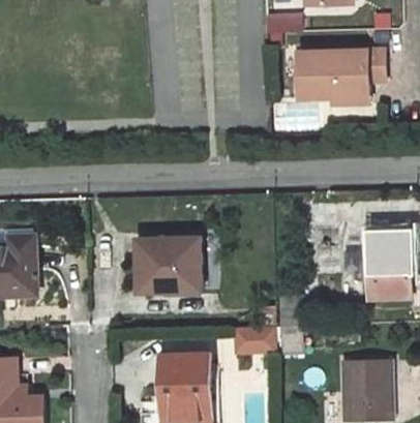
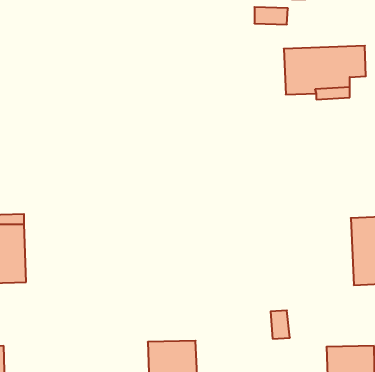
building: [136,237,199,289] -> none
building: [234,326,277,355] -> none

